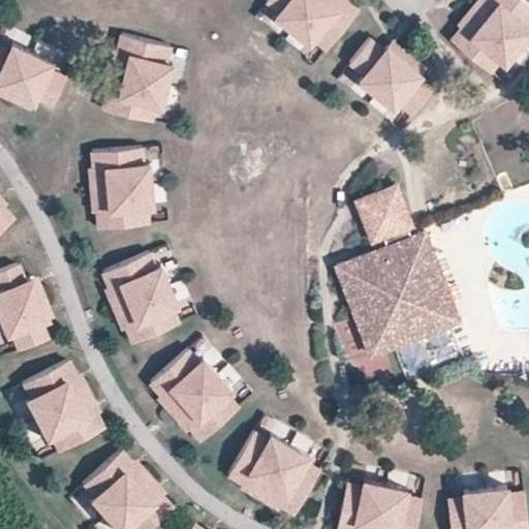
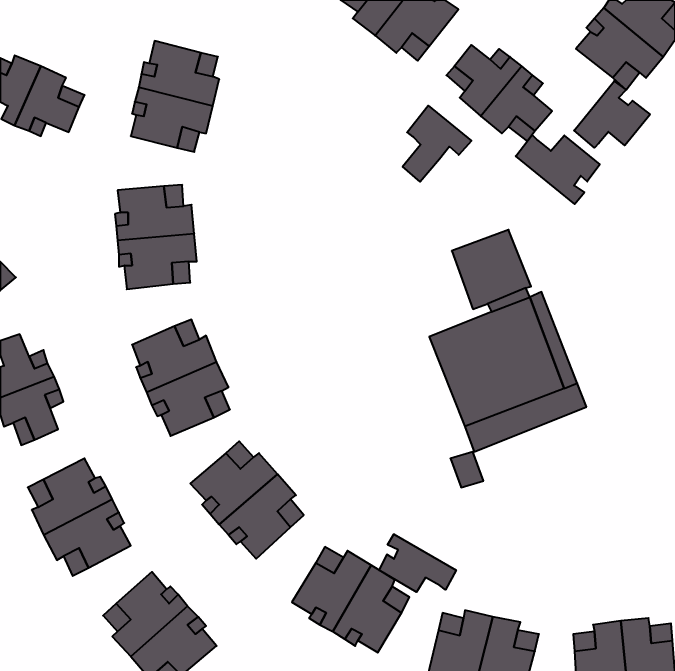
building: none -> [574,81,650,148]
building: none -> [403,106,471,182]
building: none -> [516,135,600,204]
building: none -> [379,534,456,592]

